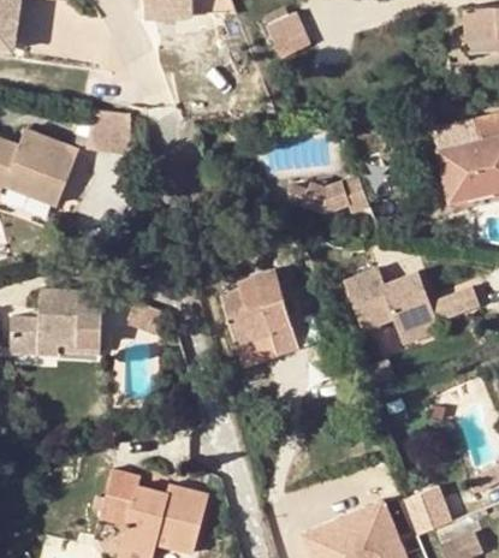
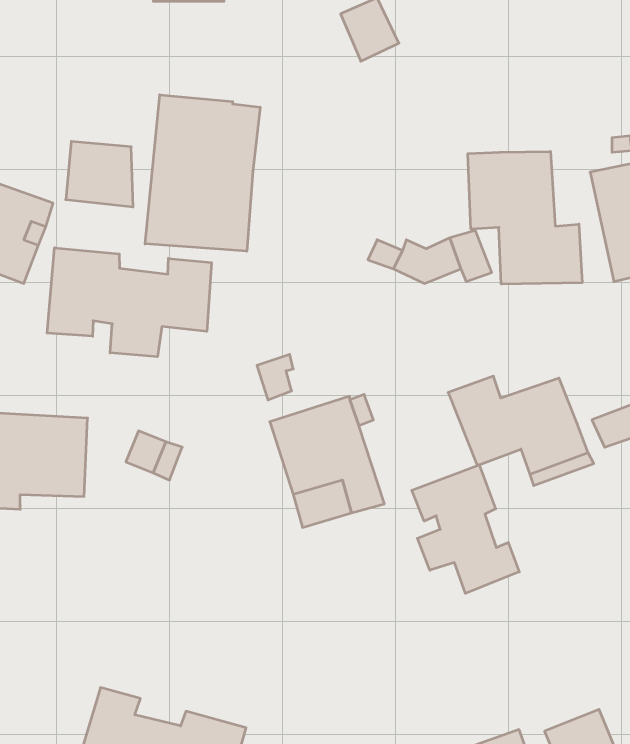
building: none -> [145,95,260,251]
building: none -> [468,151,582,284]
building: none -> [47,248,211,357]
building: none -> [412,465,519,593]

